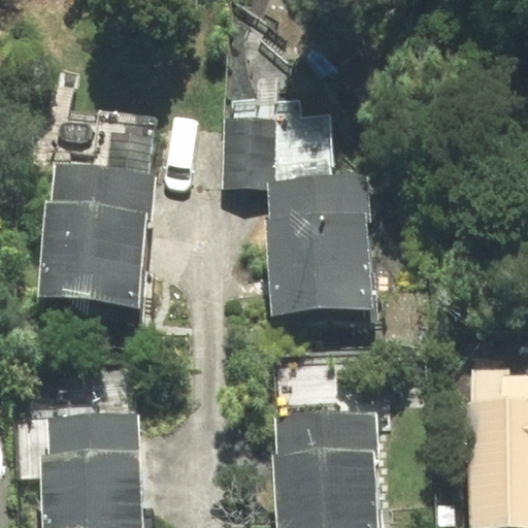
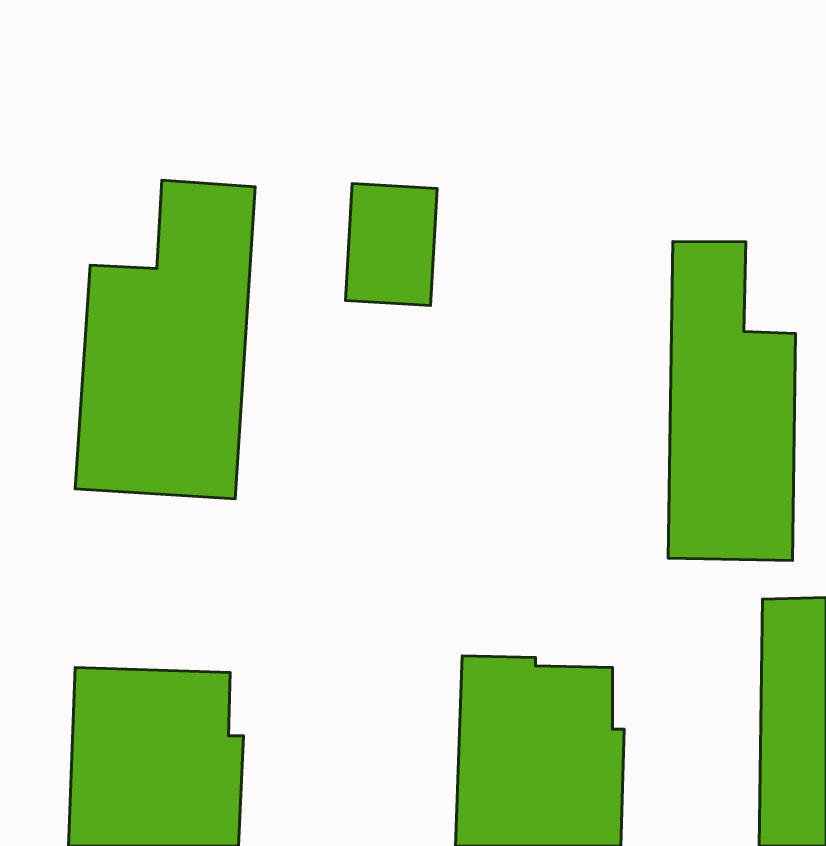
building: none -> [668,242,796,560]
building: [266,180,380,316] -> none

